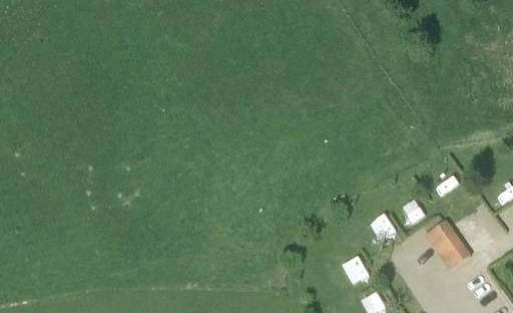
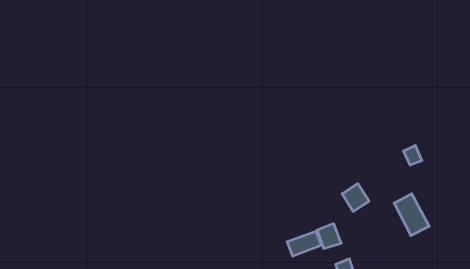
building: none -> [287,231,321,256]

